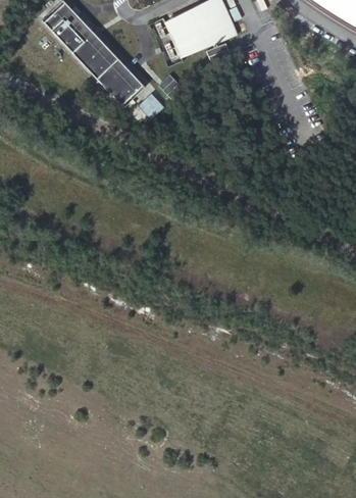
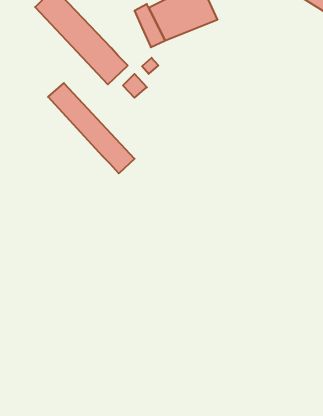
building: none -> [48,83,135,173]

